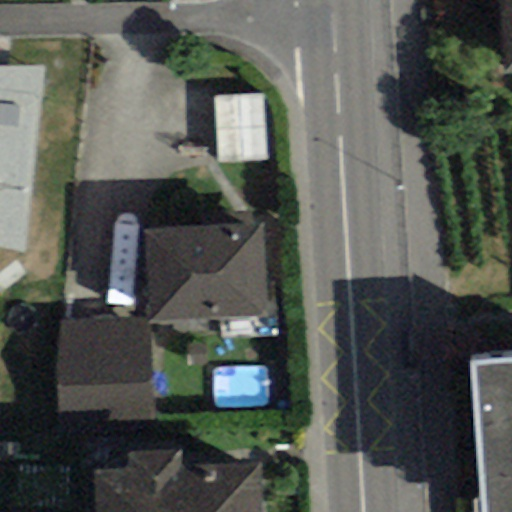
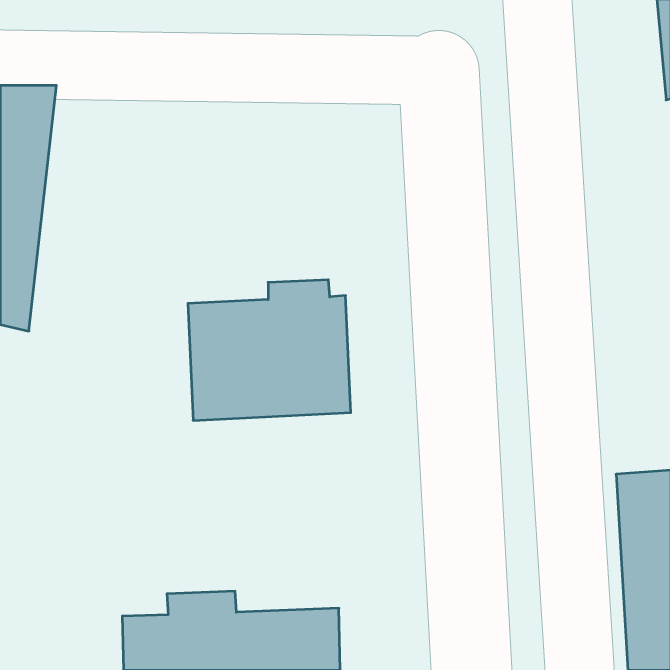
building: [215,94,265,162] -> none
building: [55,321,151,430] -> none

